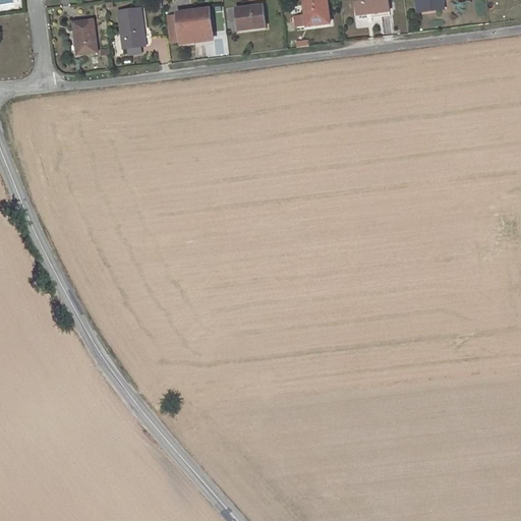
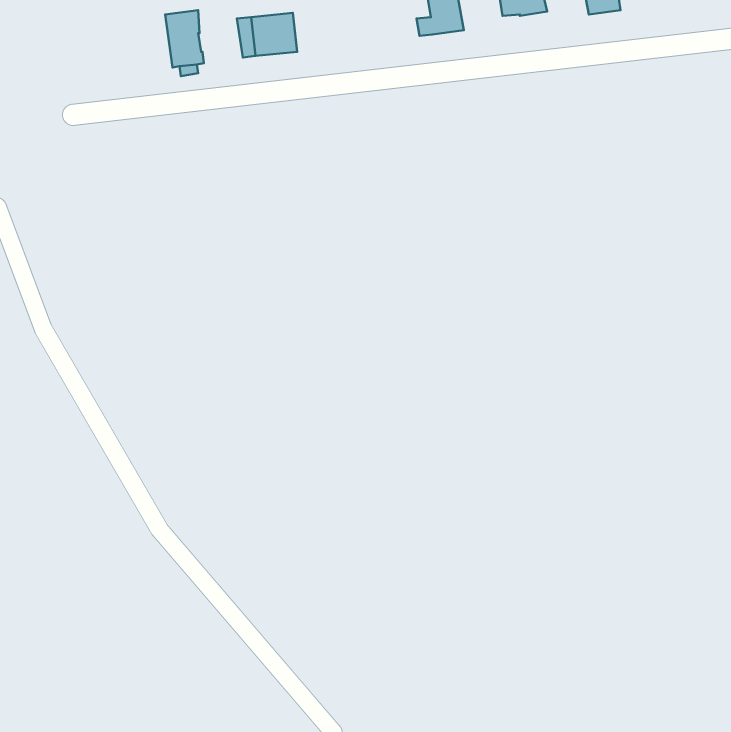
building: [234,4,265,30] -> none
building: [72,19,97,54] -> none

